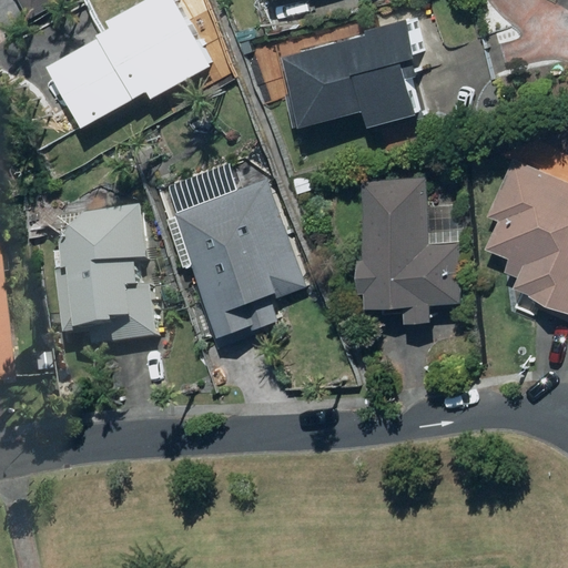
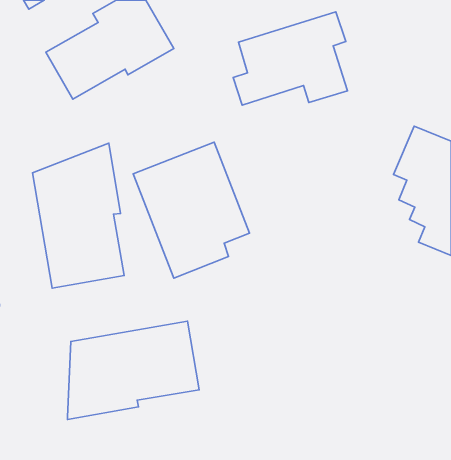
building: [362,176,468,320] -> none
building: none -> [68,321,199,420]

